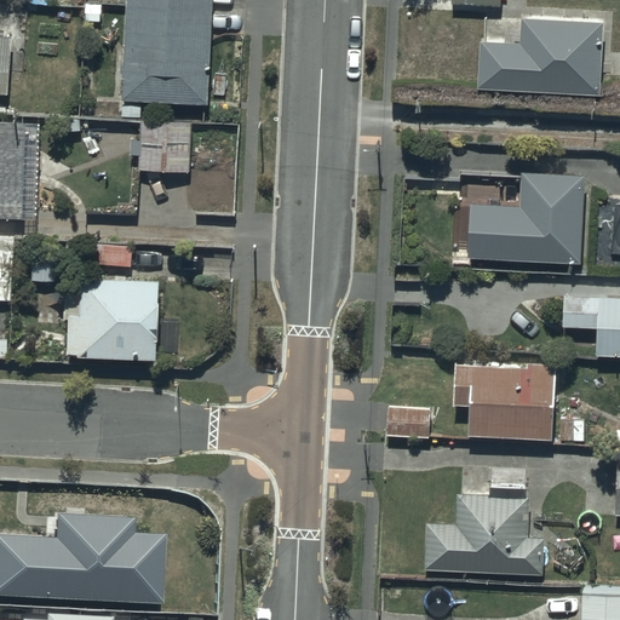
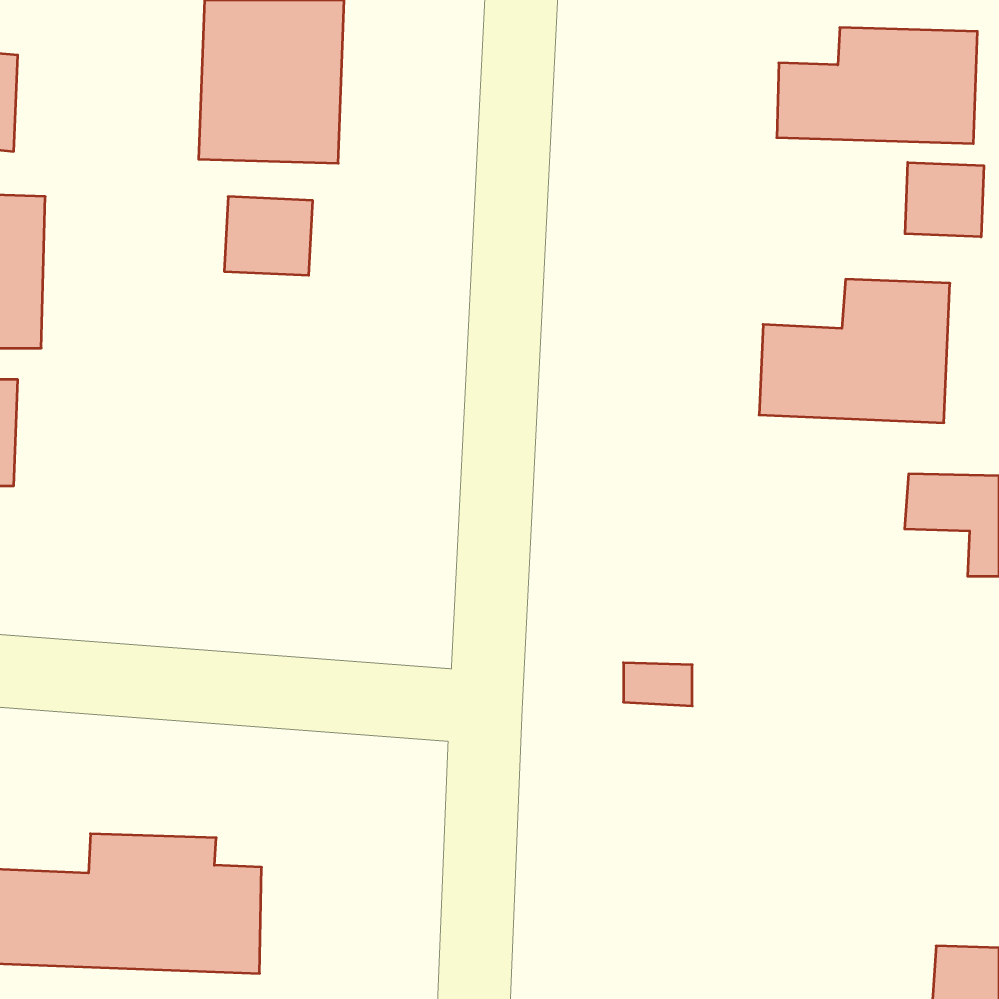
building: none -> [905,162,984,237]
building: [63,280,157,358] -> none
building: [450,366,557,442] -> none
building: [423,486,542,575] -> none

